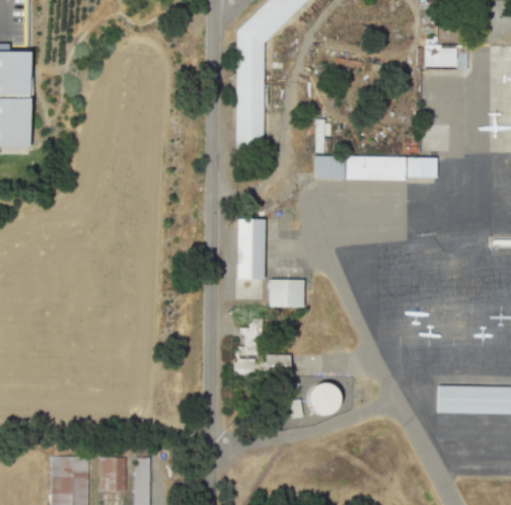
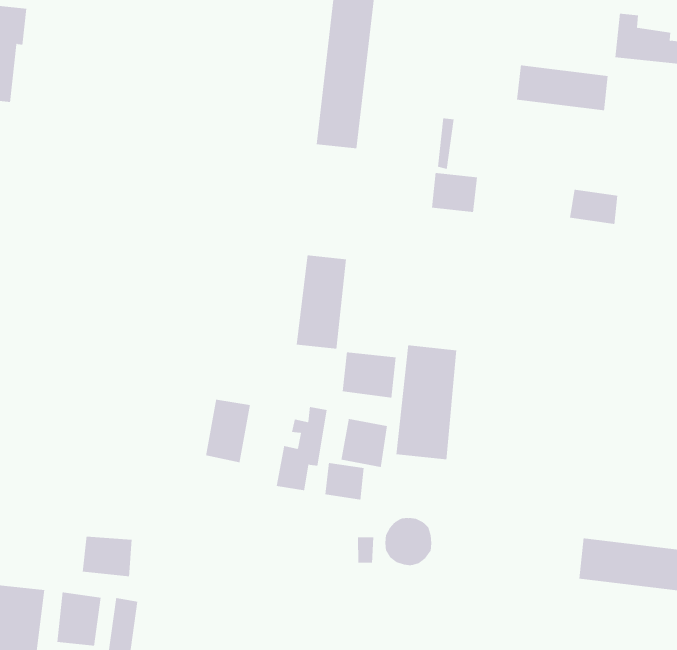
building: [346,156,405,181] -> [516,65,609,111]
building: none -> [396,344,457,460]
building: none -> [205,399,250,463]
building: none -> [341,418,387,468]
building: none -> [82,536,132,577]

